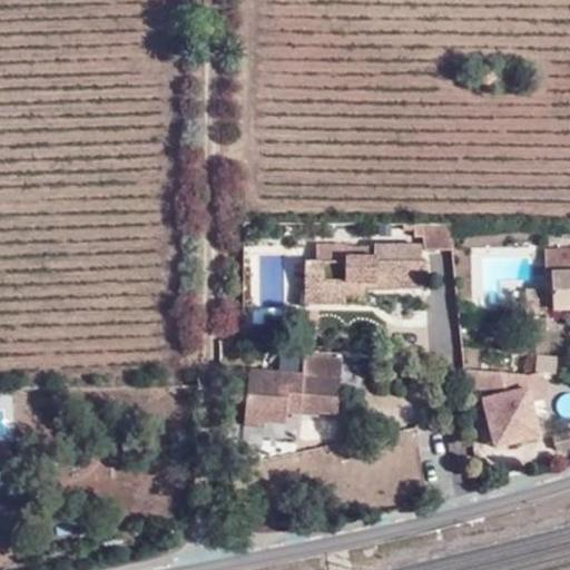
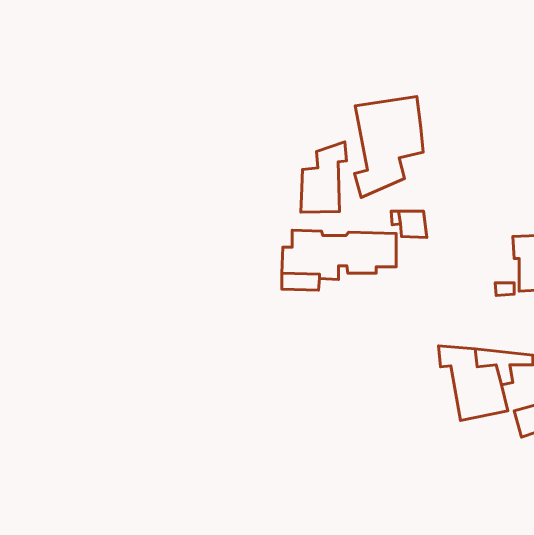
building: none -> [354,96,423,198]
building: none -> [301,142,347,212]
building: [246,352,345,421] -> none

